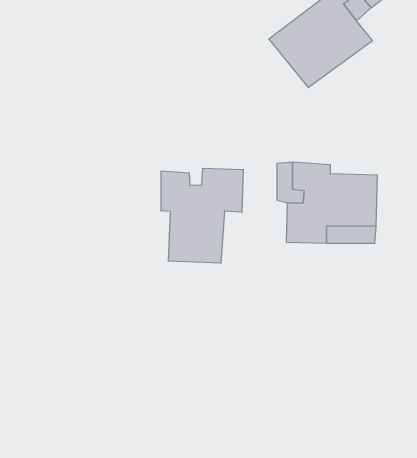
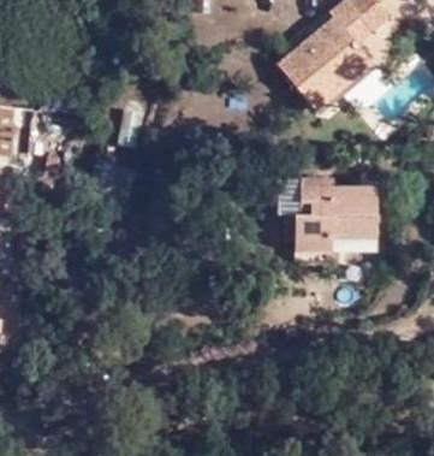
building: [161,168,243,263] -> none

